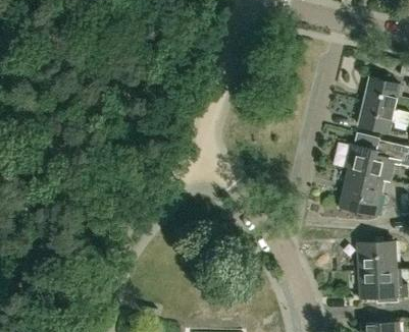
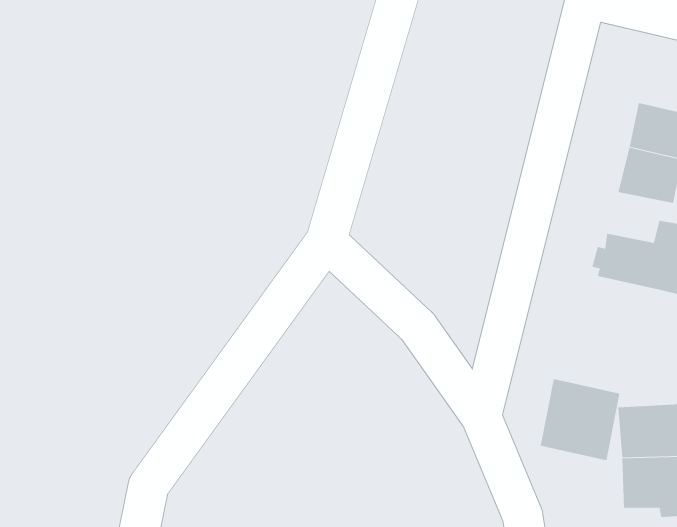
building: [339,171,382,216] -> [540,379,620,461]

